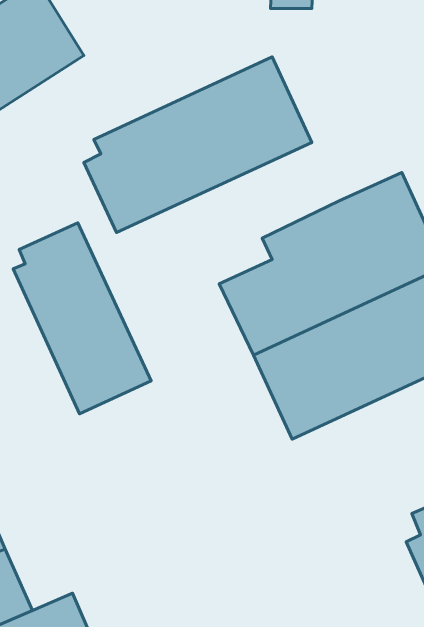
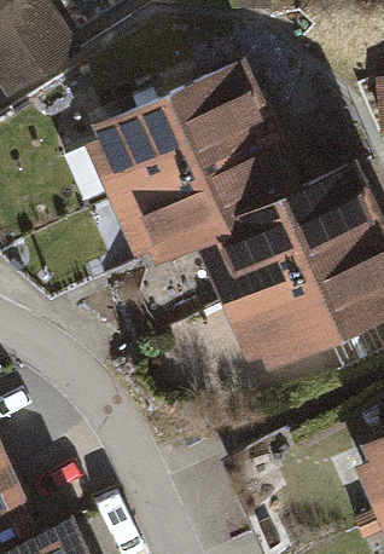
building: none -> [109,131,297,269]
building: [13,223,151,414] -> none

